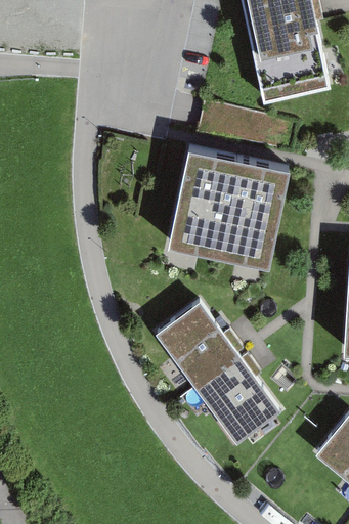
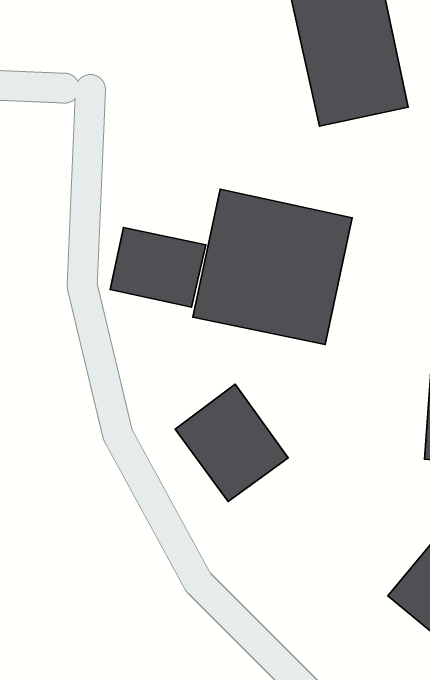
building: none -> [110,228,206,307]
building: [195,351,281,439] -> none

